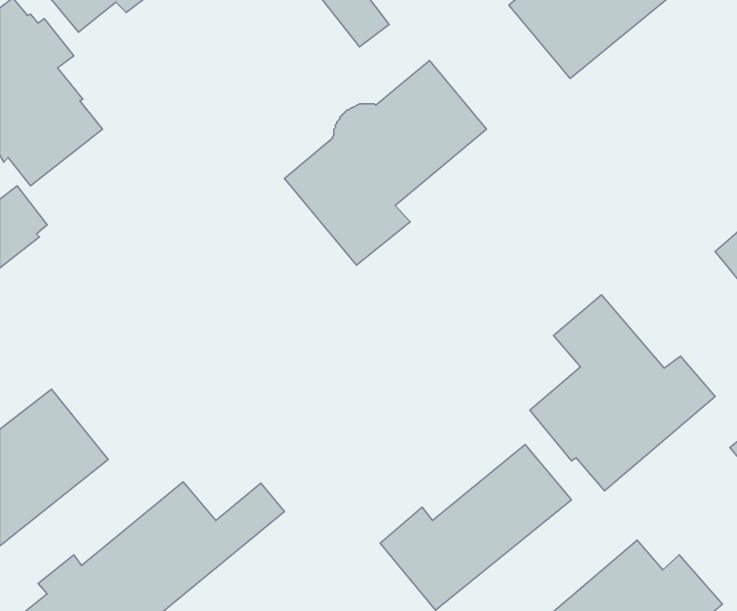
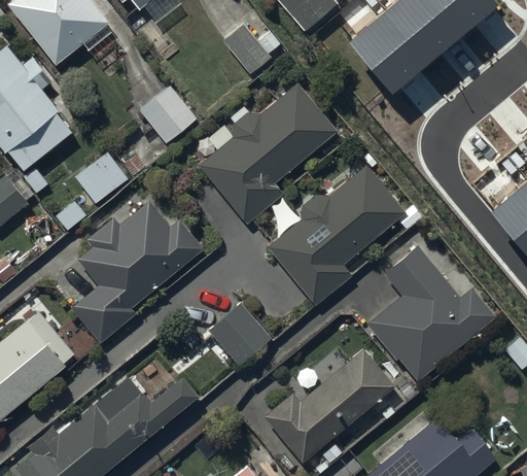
building: none -> [139,87,197,144]
building: none -> [74,151,128,204]
building: none -> [268,164,422,307]
building: none -> [71,201,204,343]
building: none -> [208,303,272,366]

